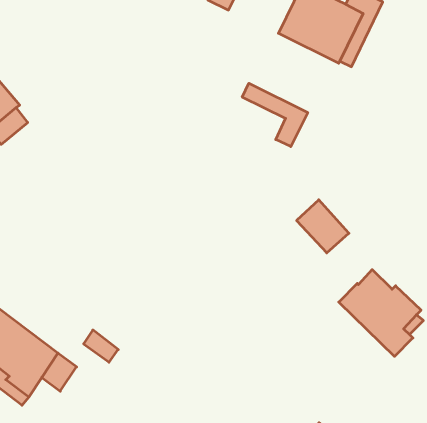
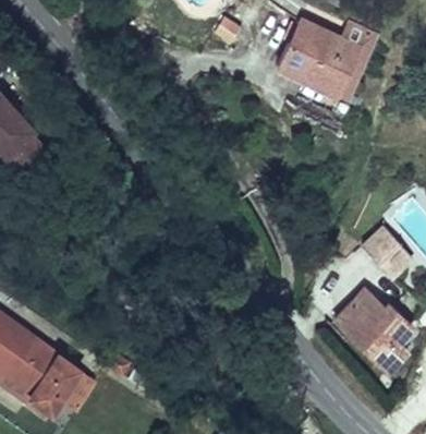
building: [242,83,308,147] -> none
building: [297,200,349,253] -> [361,225,410,275]

